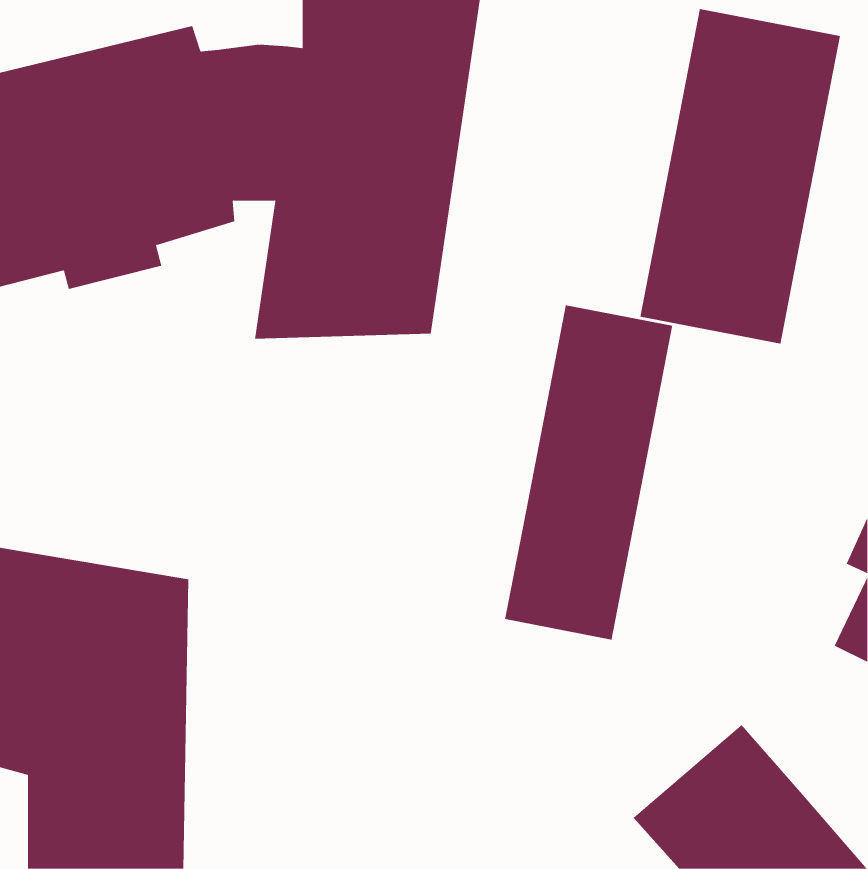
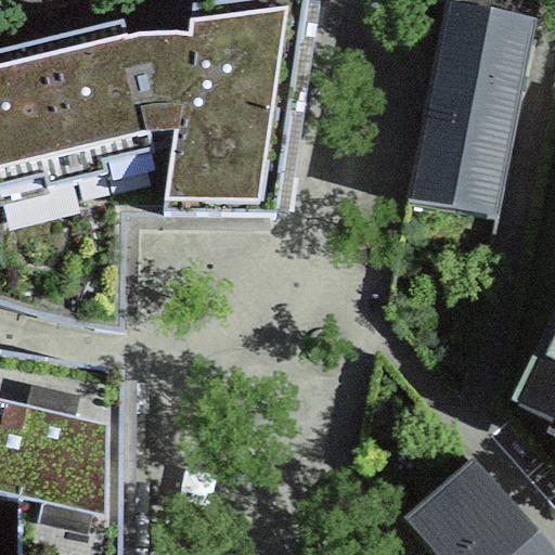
building: [505,304,673,640] -> none

